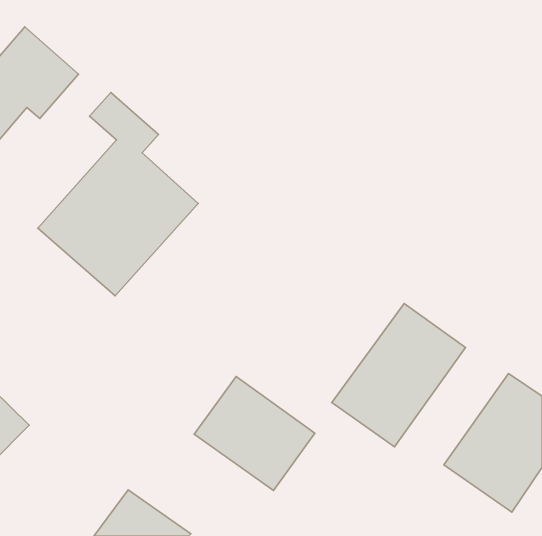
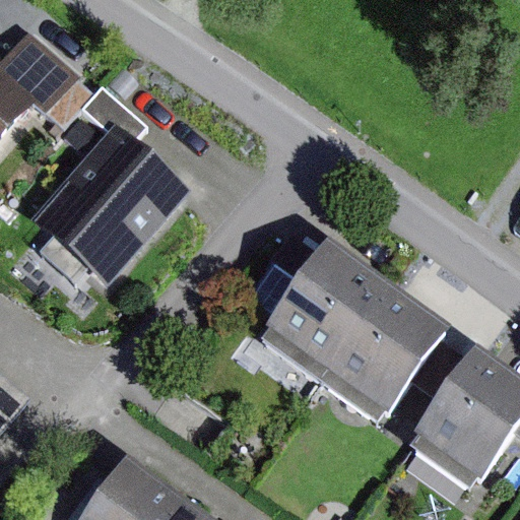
building: none -> [255,245,381,380]
building: [194,377,315,490] -> none

